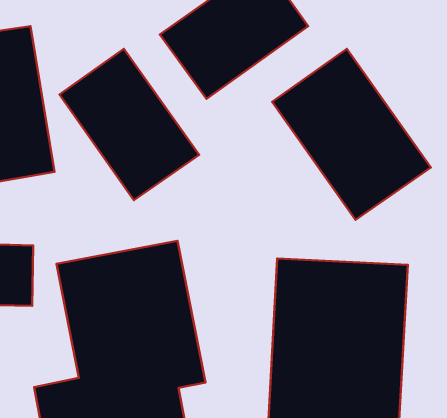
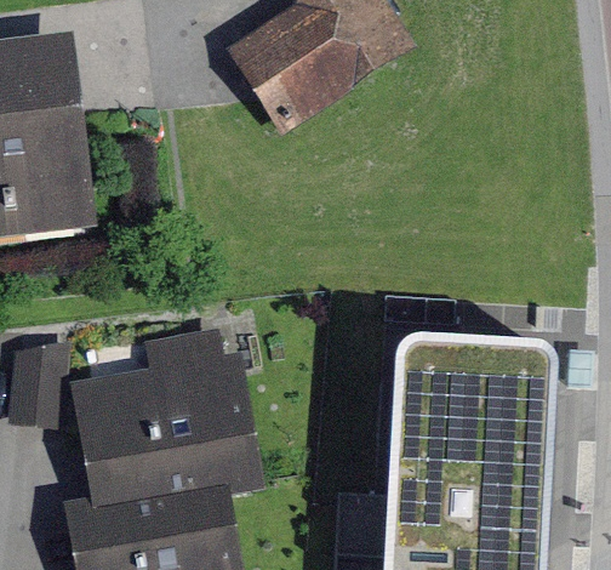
building: [272,49,431,220] -> none
building: [60,49,199,200] -> none

